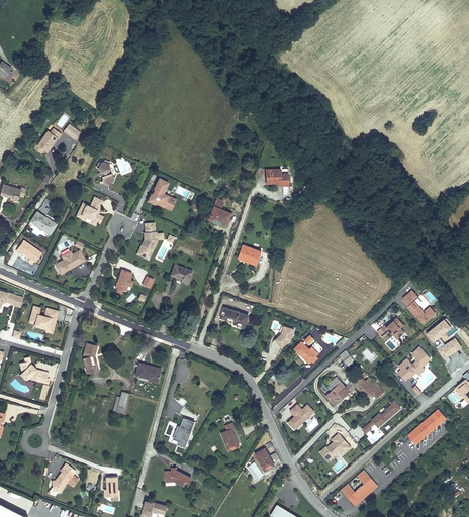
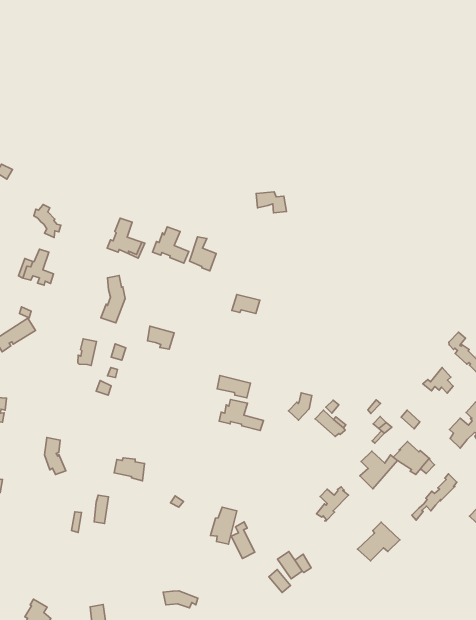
building: none -> [152,227,189,263]
building: none -> [219,399,263,430]
building: [173,419,195,448] -> [211,507,237,544]
building: [342,471,378,506] -> none

